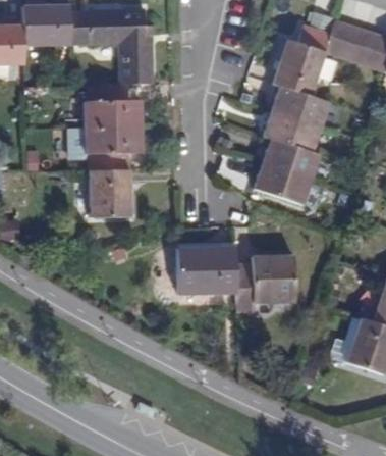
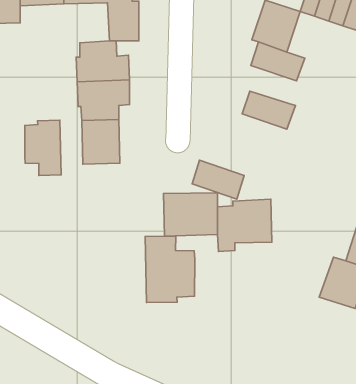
building: [264,109,321,150] -> none
building: [255,161,311,203] -> [192,160,244,199]
building: none -> [25,120,61,175]
building: none -> [145,236,195,303]

